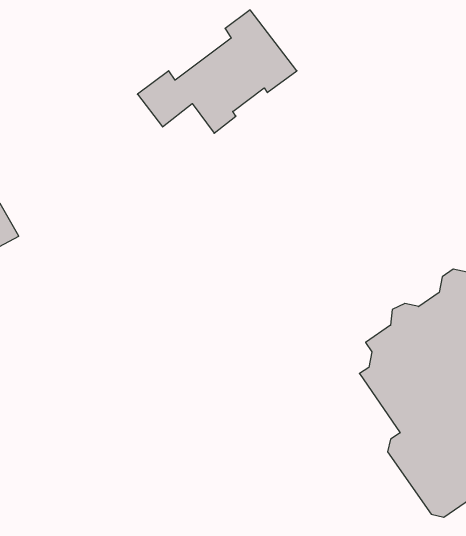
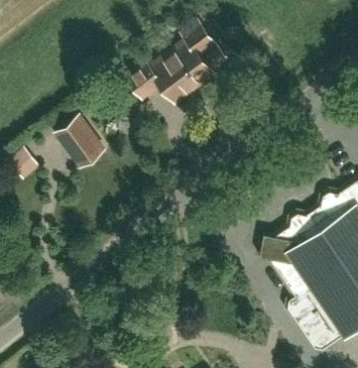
building: none -> [55,119,102,168]

